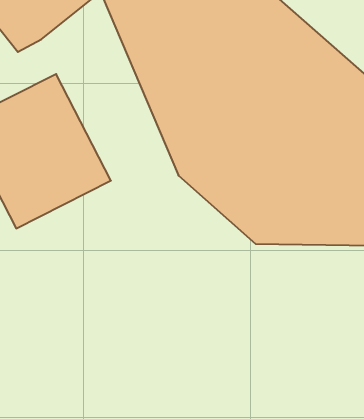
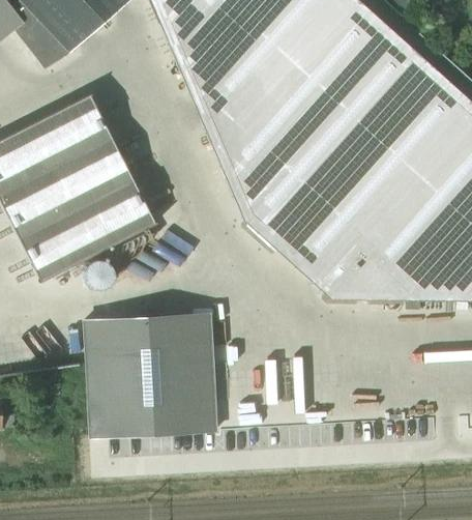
building: none -> [84,311,218,436]

